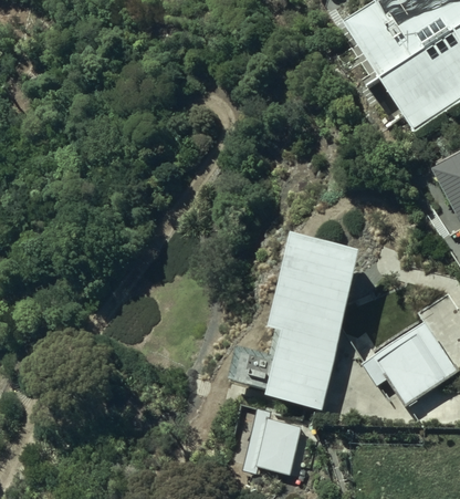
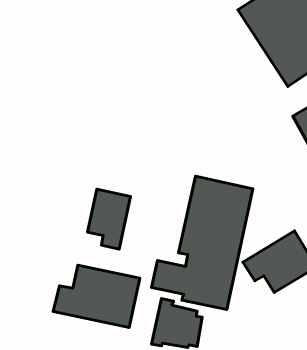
building: none -> [87,189,131,249]
building: none -> [53,265,140,328]

